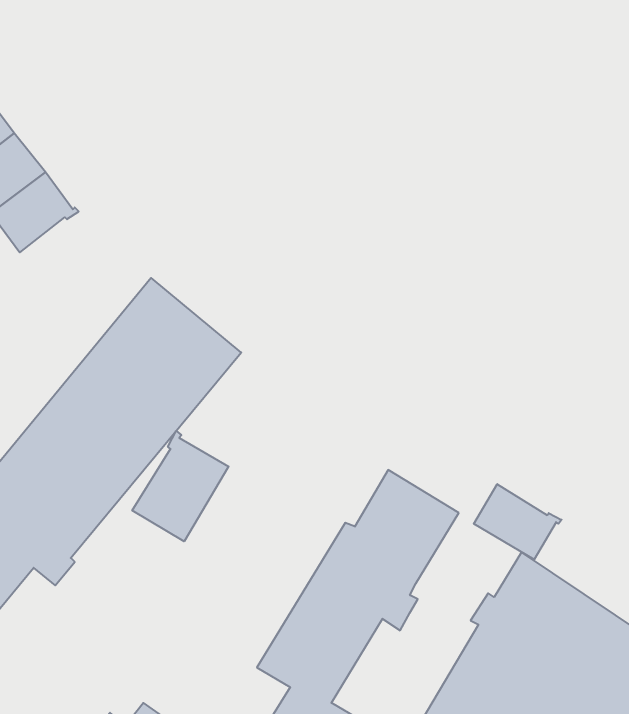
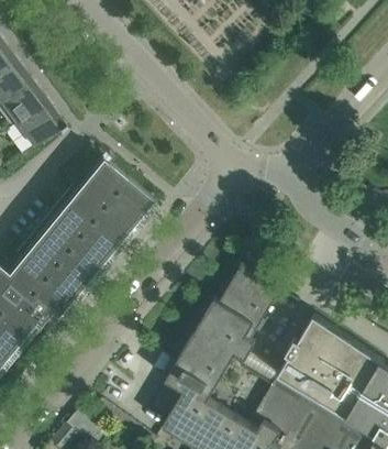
building: [132,431,229,541] -> none
building: [474,484,562,560] -> none

